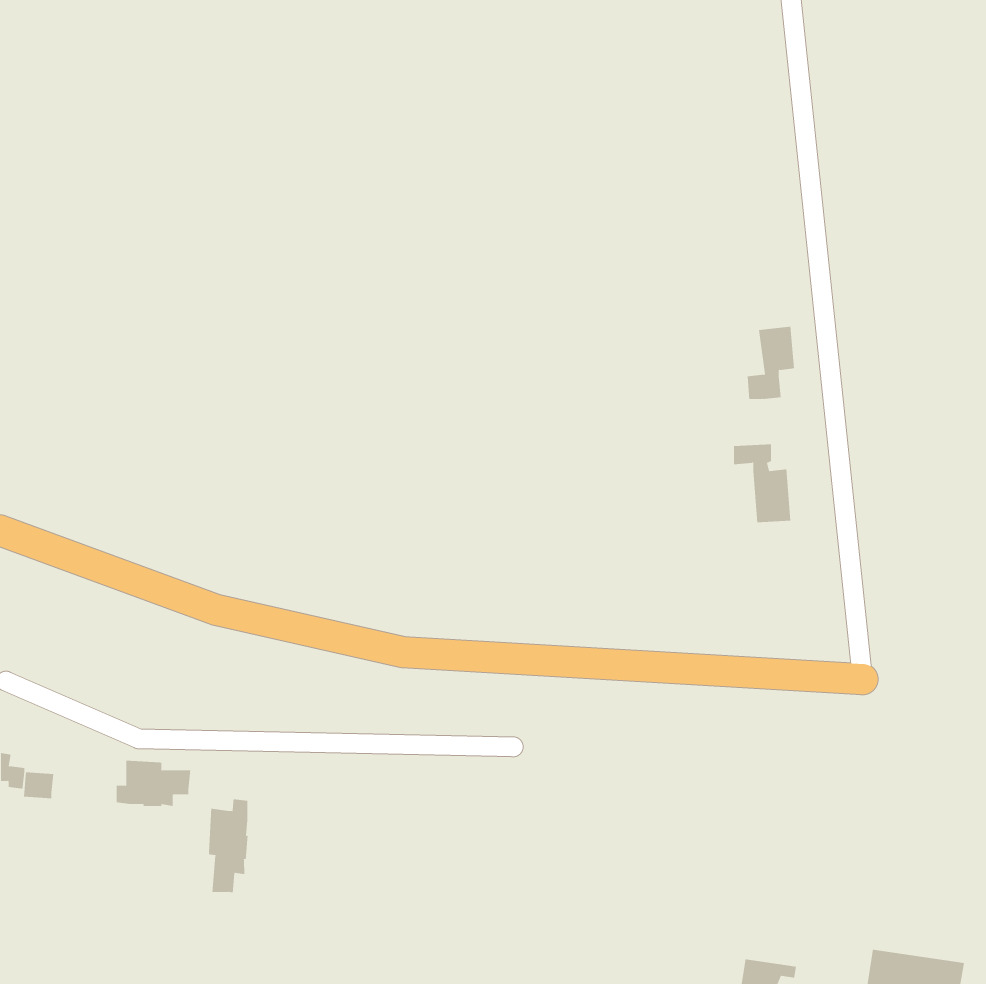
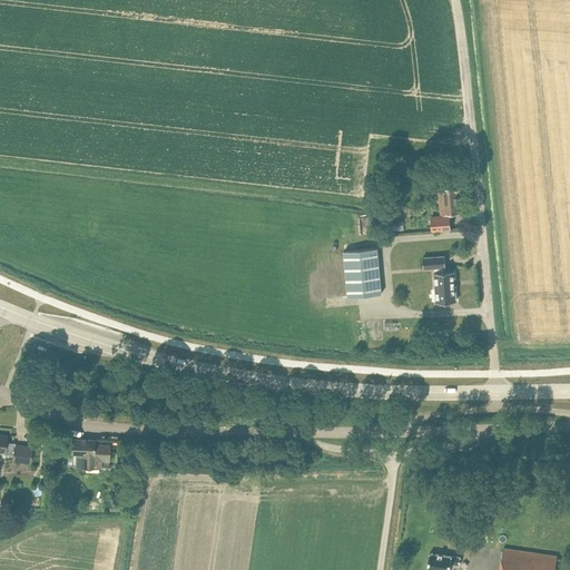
building: none -> [340,249,382,298]
building: [208,798,248,893] -> none

